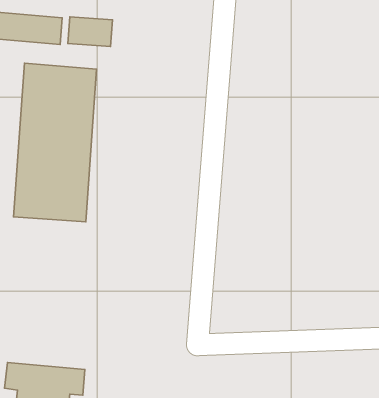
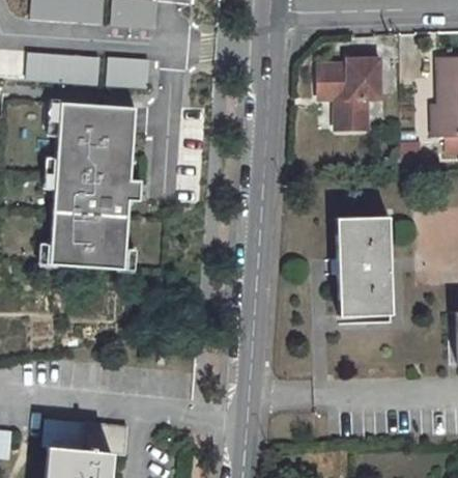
building: none -> [317,59,377,128]
building: none -> [335,215,391,316]

